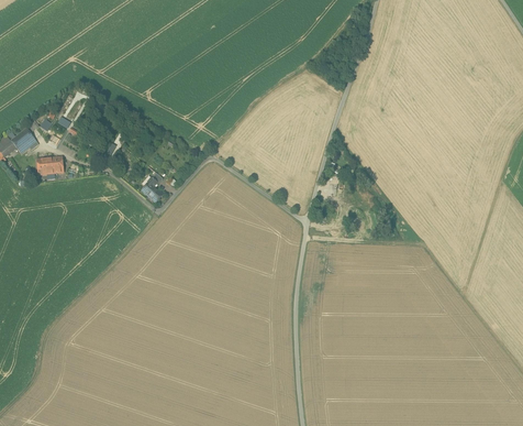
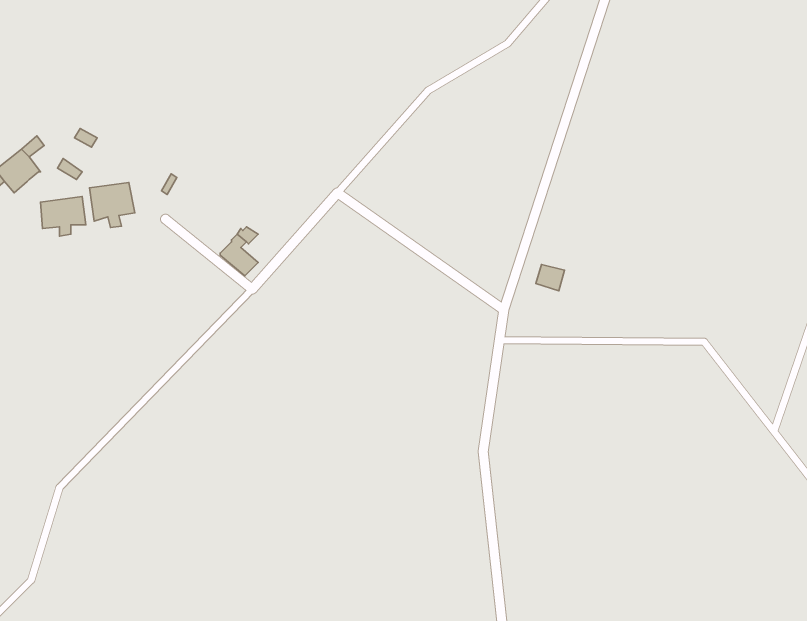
building: none -> [90,183,135,227]

